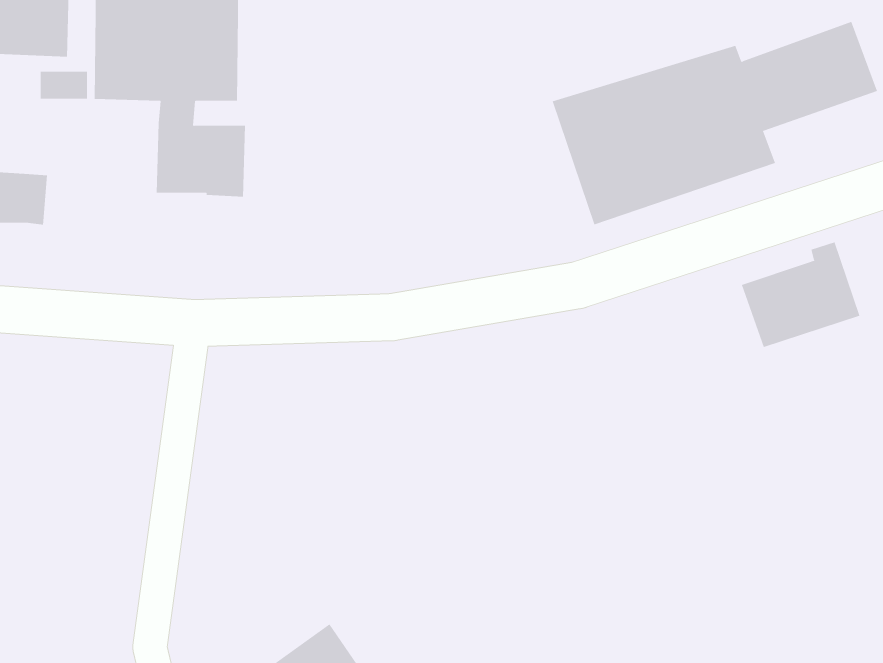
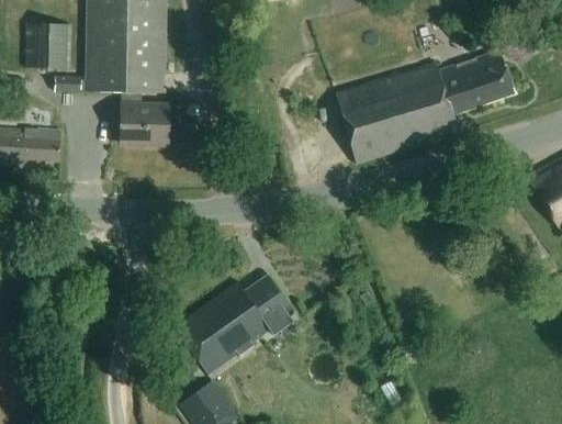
building: [741,242,860,348] -> none
building: none -> [176,275,295,376]

